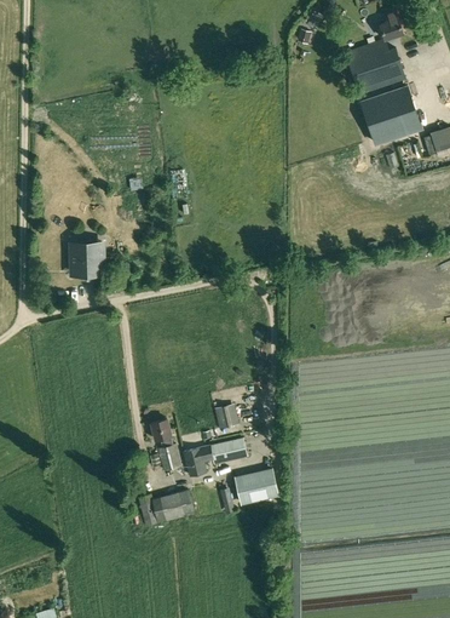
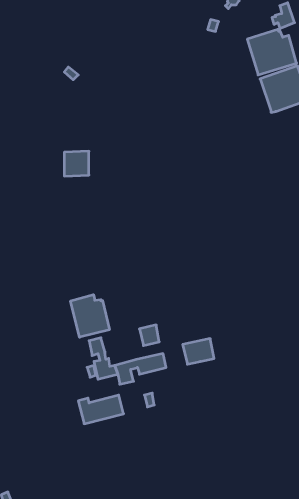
building: [73,242,103,273] -> [64,151,89,176]
building: none -> [71,295,109,337]
building: [238,469,277,500] -> [183,339,214,364]

